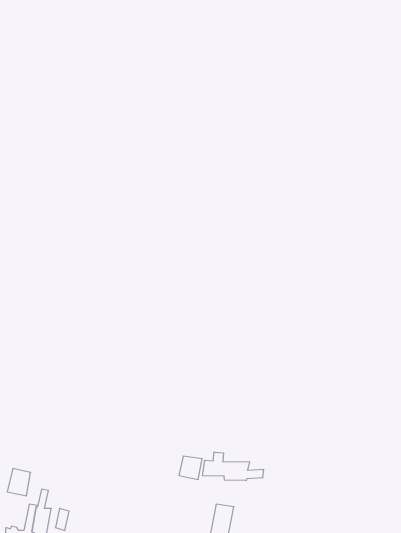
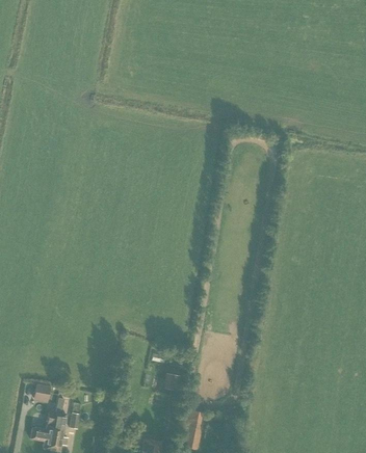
building: [203,452,263,481] -> none

